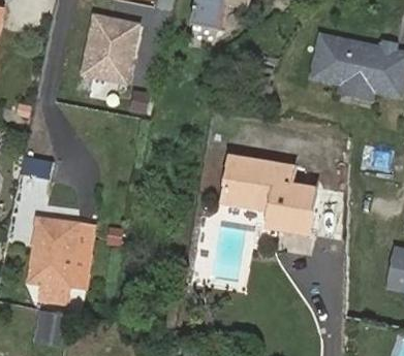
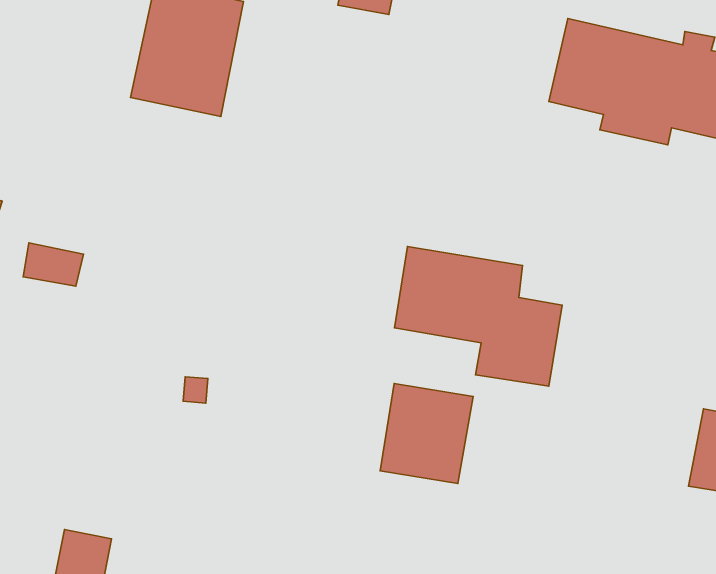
building: [31,220,89,300] -> none
building: none -> [380,384,473,483]

